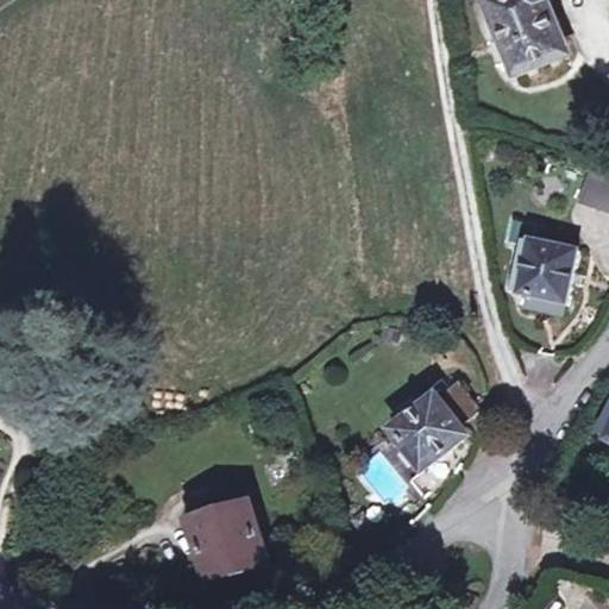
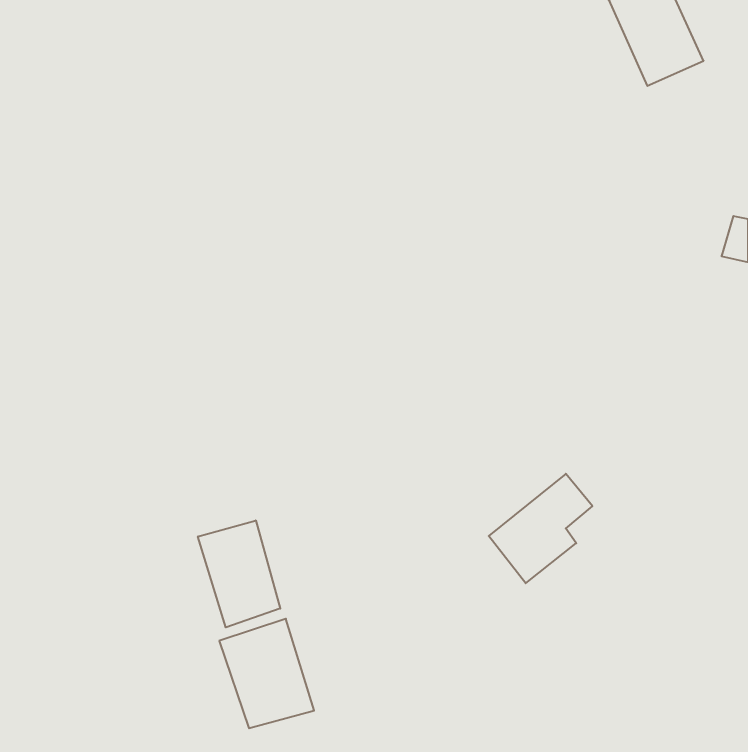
building: [517,236,576,299] -> none
building: none -> [198,520,280,627]

